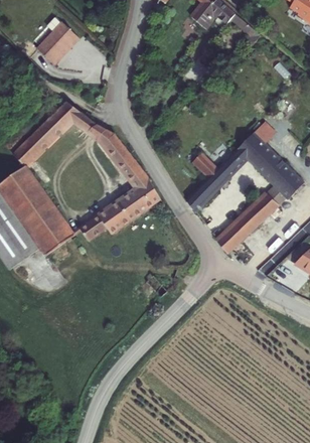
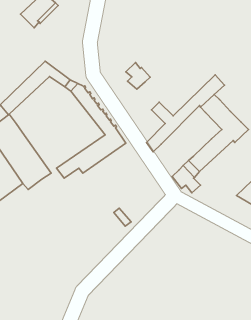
building: none -> [126,63,150,89]

